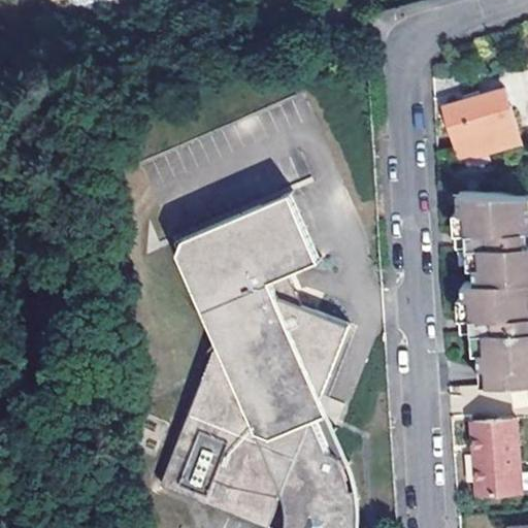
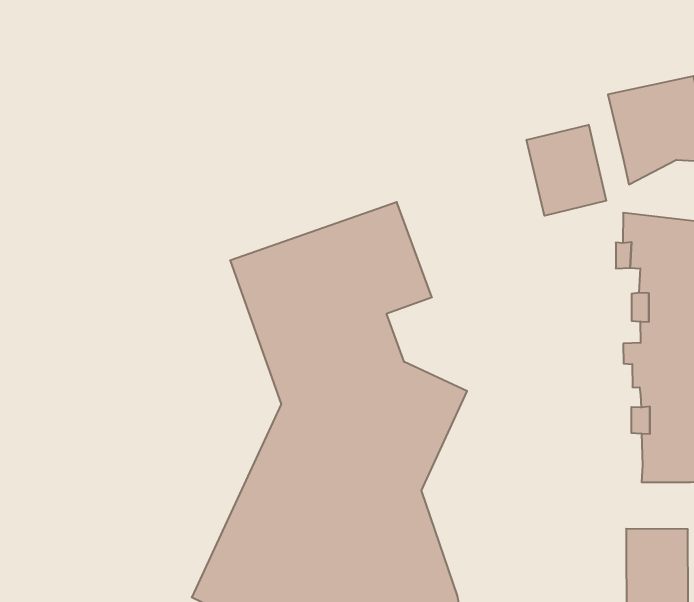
building: none -> [527,125,606,216]

